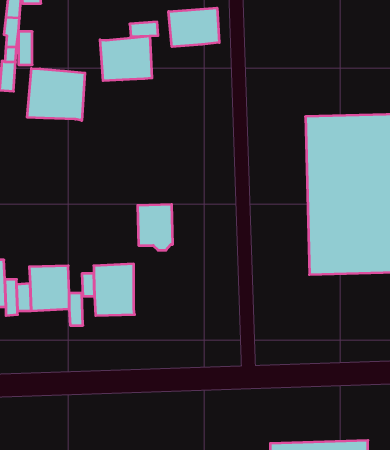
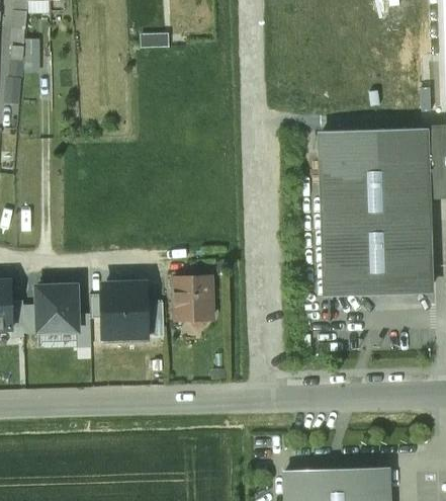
building: [169,8,219,47] -> none
building: [100,36,152,81] -> none
building: [27,68,85,121] -> none
building: [138,204,173,250] -> [174,277,210,325]
building: none -> [144,301,164,337]

